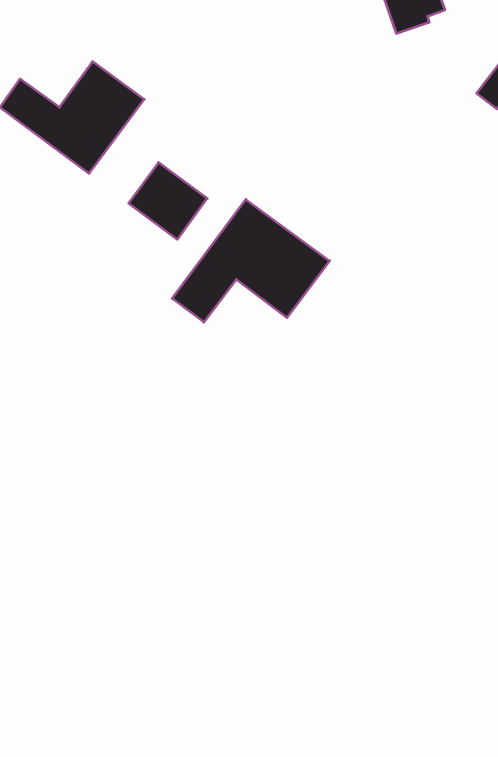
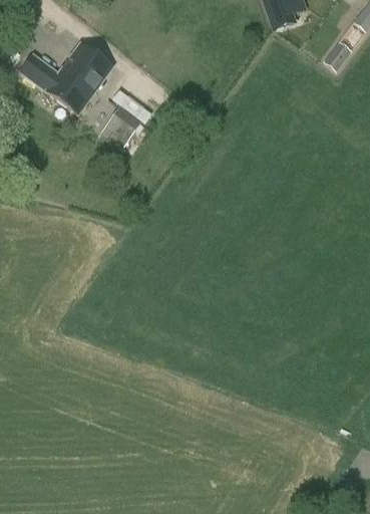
building: [172,199,330,322] -> none

